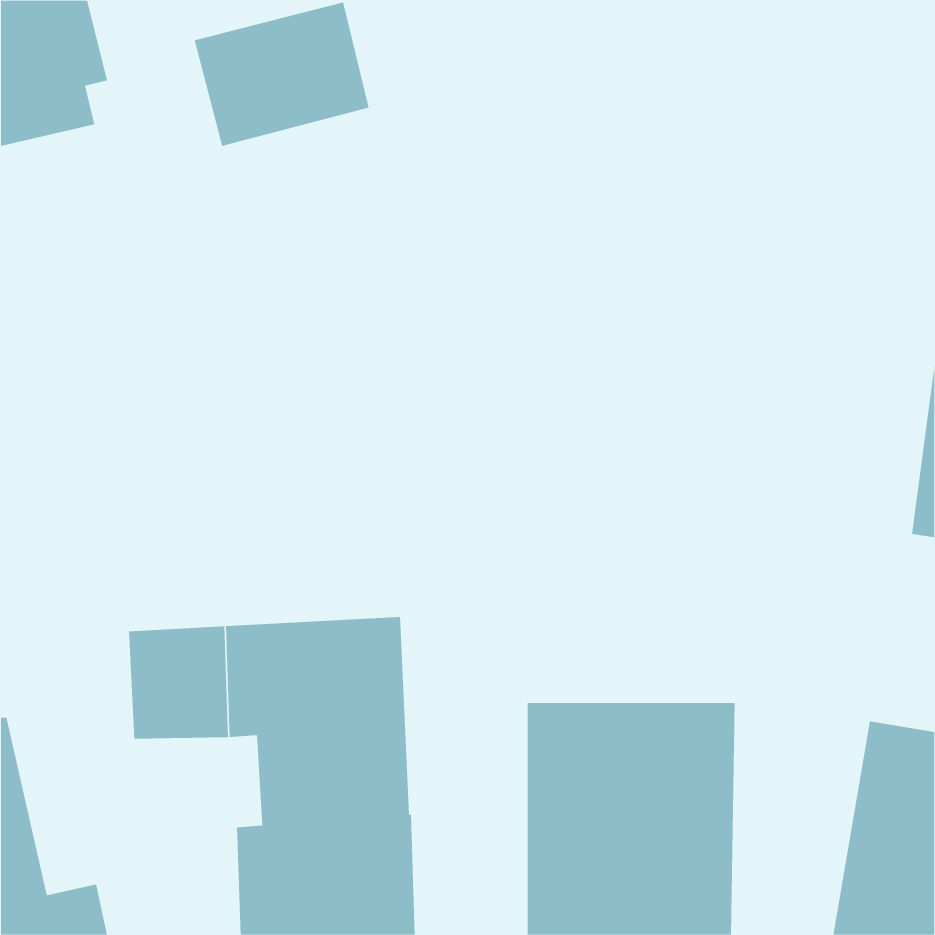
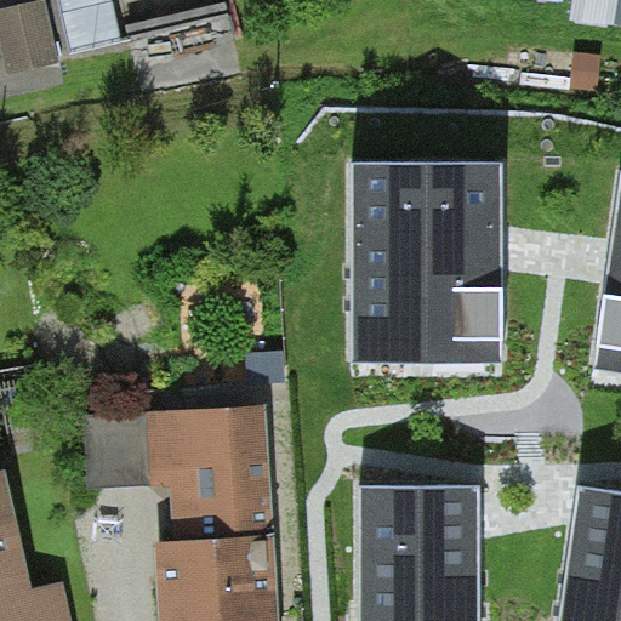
building: none -> [352,173,491,352]

